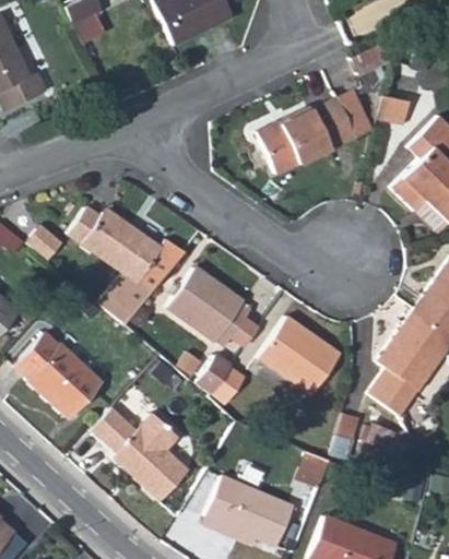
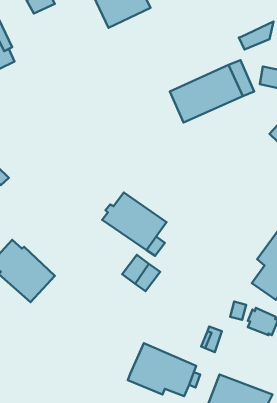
building: [69,209,186,325] -> none
building: [257,316,341,394] -> none
building: [90,407,189,501] -> none

